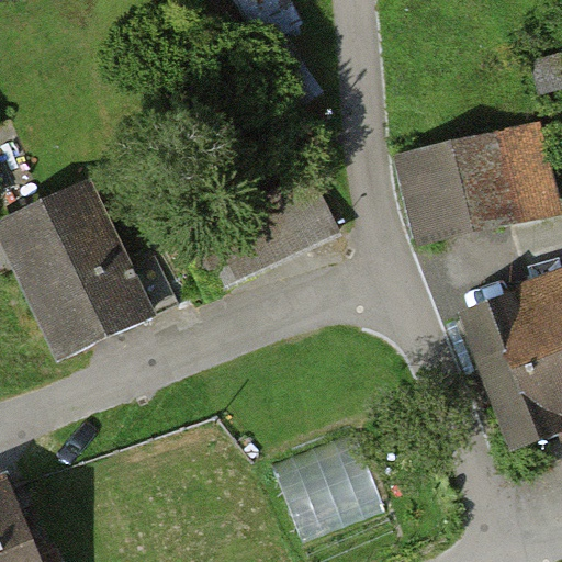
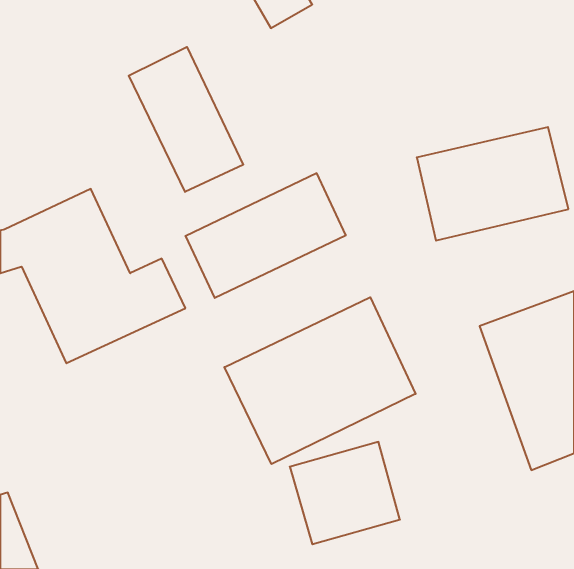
building: none -> [129,47,243,192]
building: none -> [224,297,416,464]

